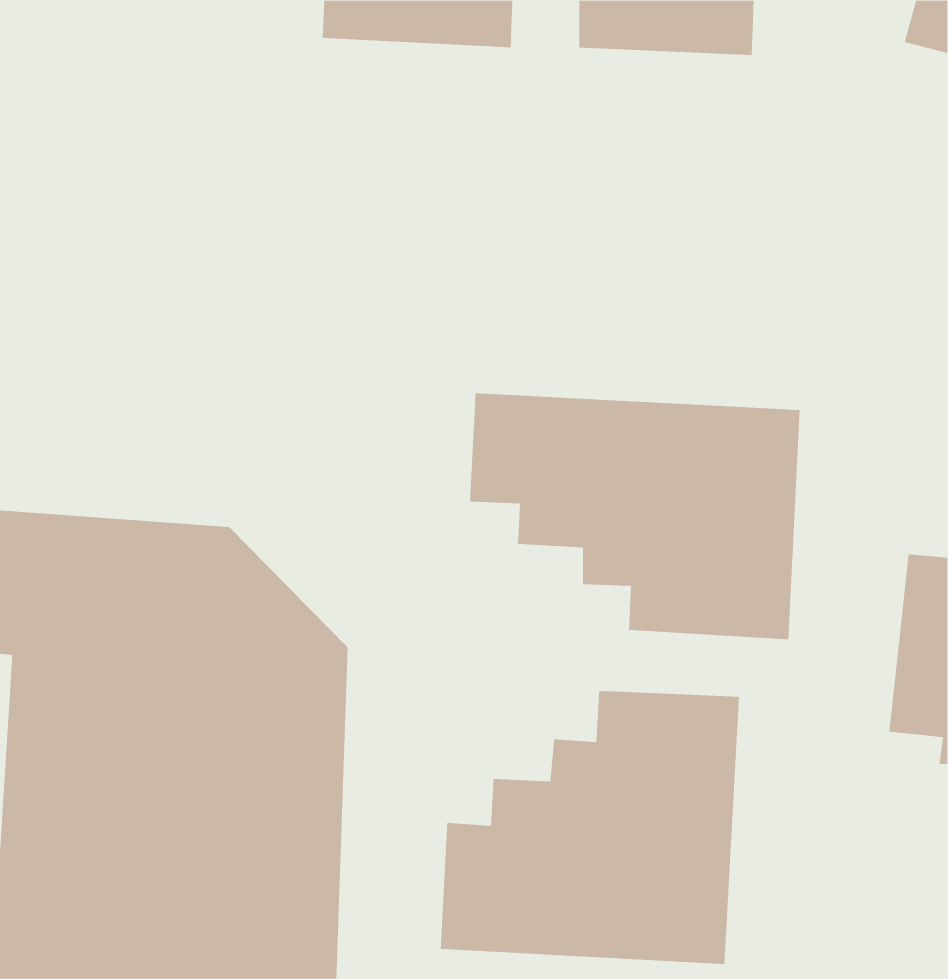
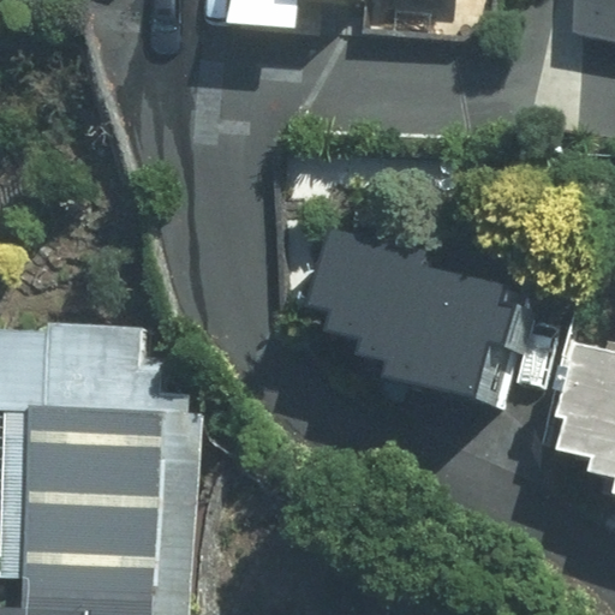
building: [440,690,740,965] -> none

